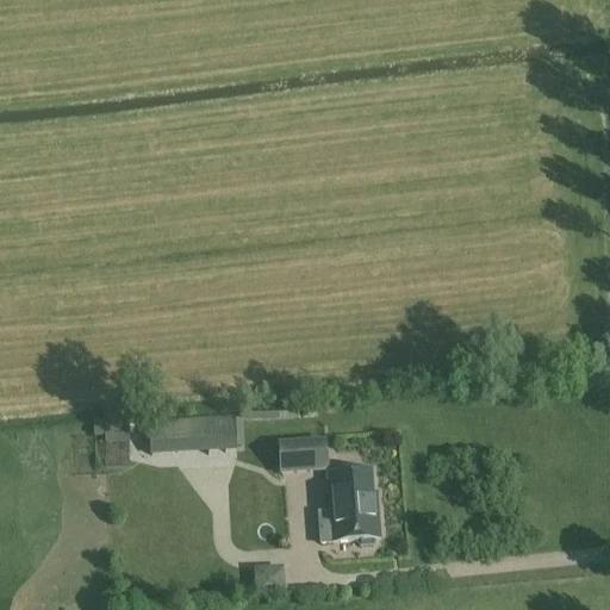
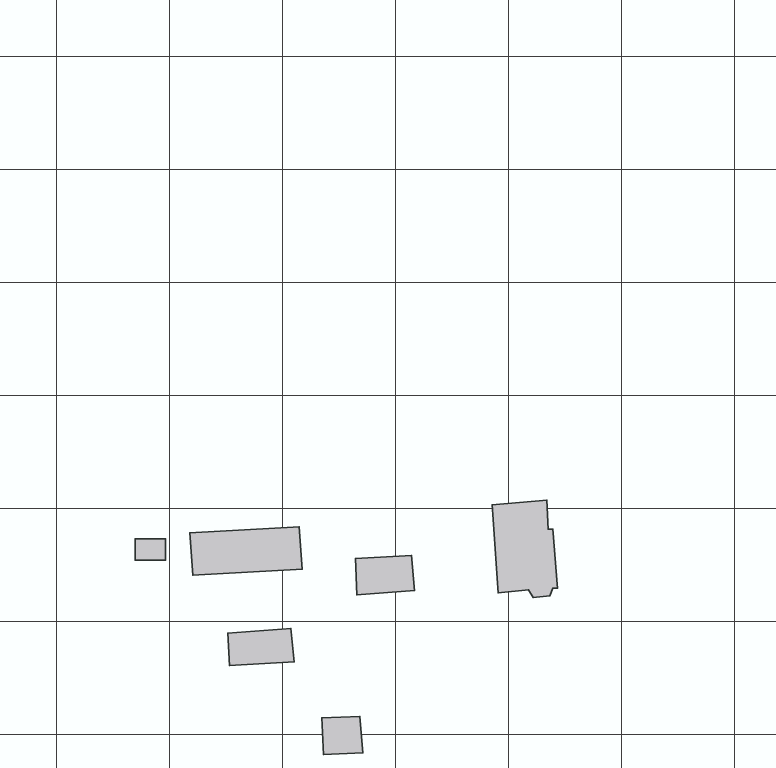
building: [329,466,380,542] -> [492,500,557,597]
building: none -> [228,628,294,666]

